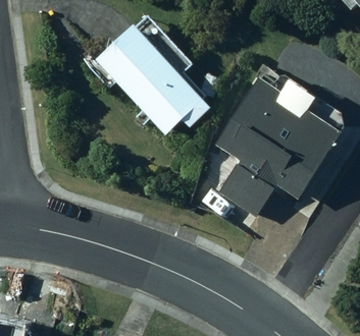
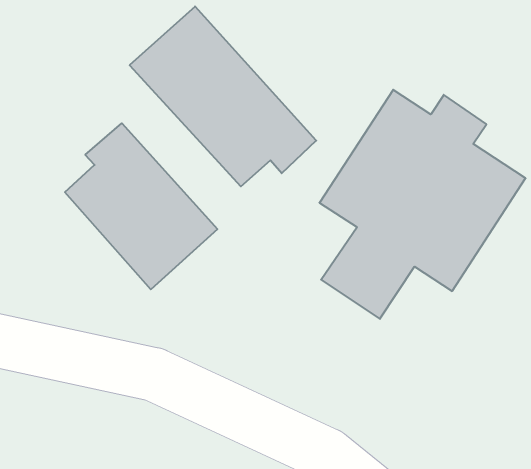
building: none -> [65,123,217,289]

